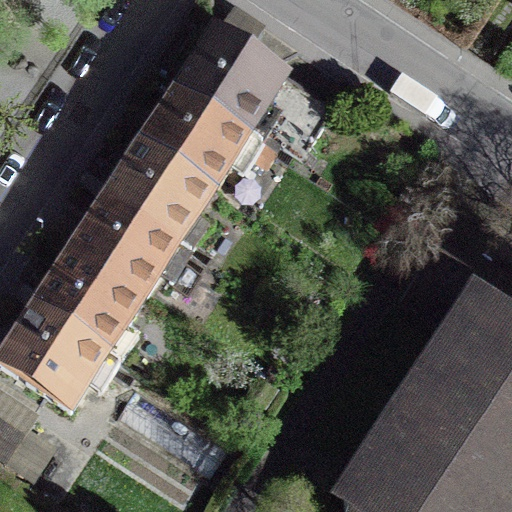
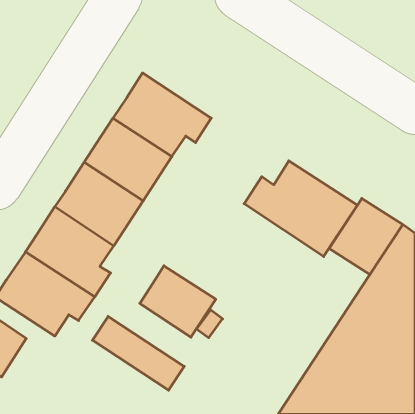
building: [174,34,329,158] -> none
building: none -> [244,161,357,257]
building: none -> [140,266,216,337]

